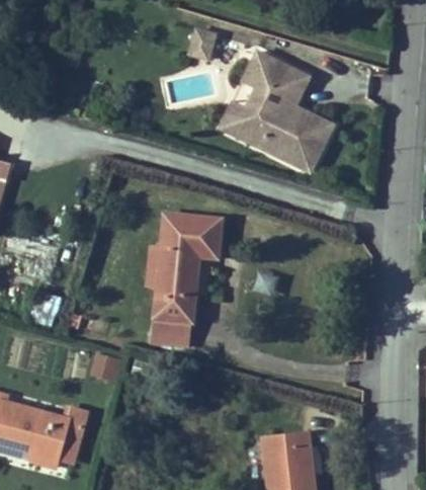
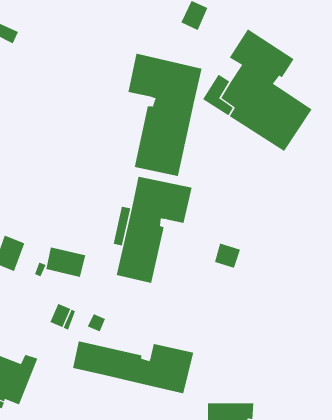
building: none -> [128,53,202,177]
building: [153,318,192,345] -> [45,247,86,277]
building: none -> [73,341,194,394]

